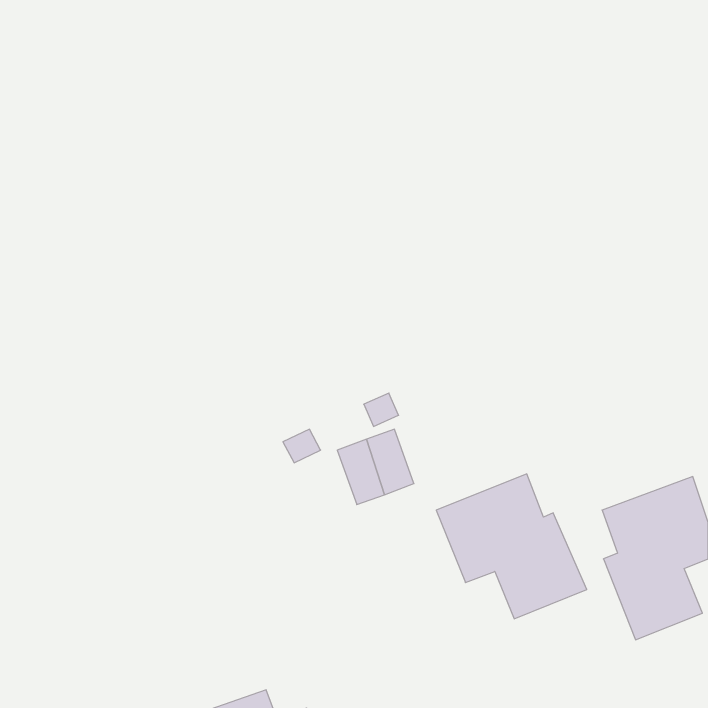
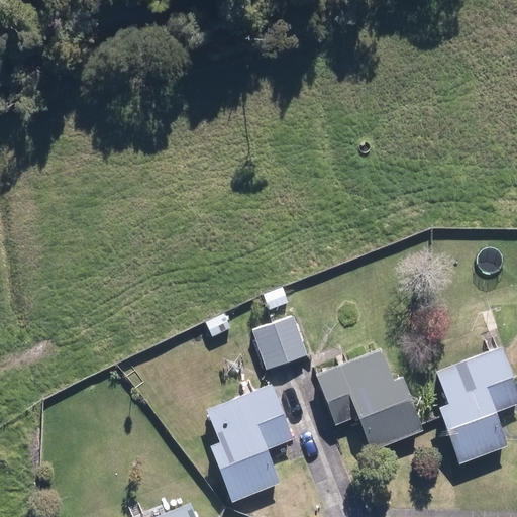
building: none -> [206,381,295,501]

